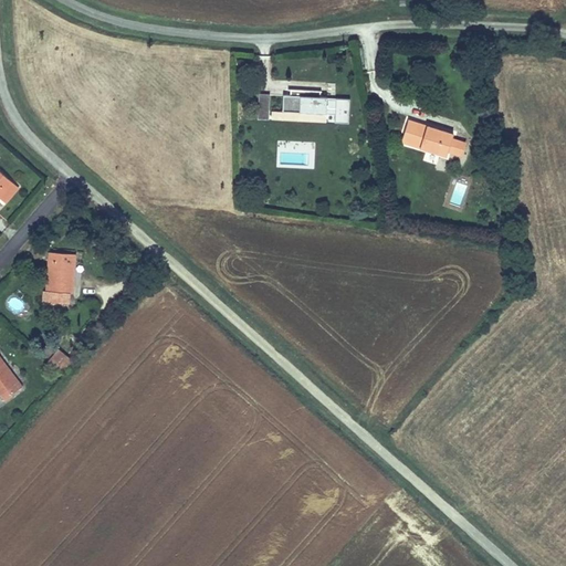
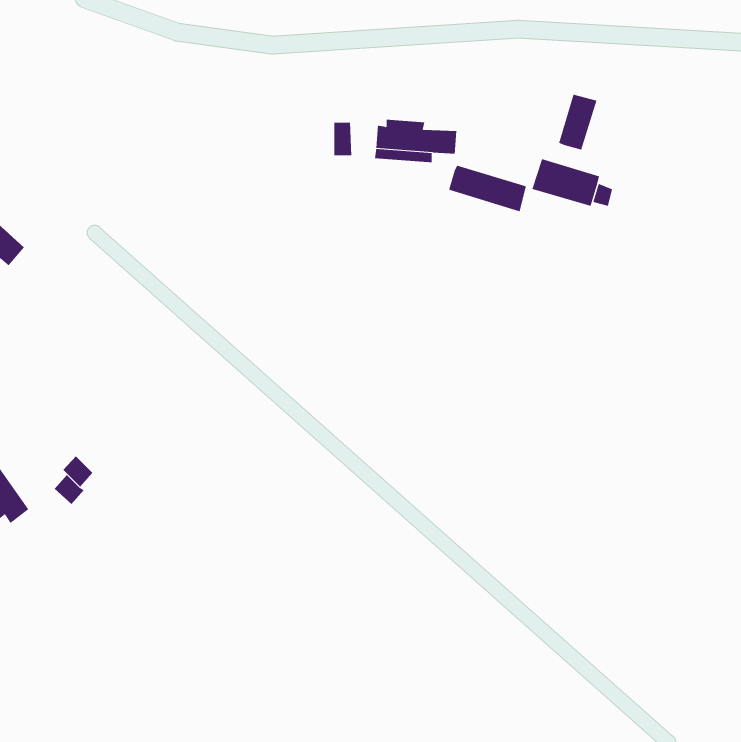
building: none -> [558,94,597,150]
building: none -> [448,165,527,212]
building: [41,252,75,303] -> none

